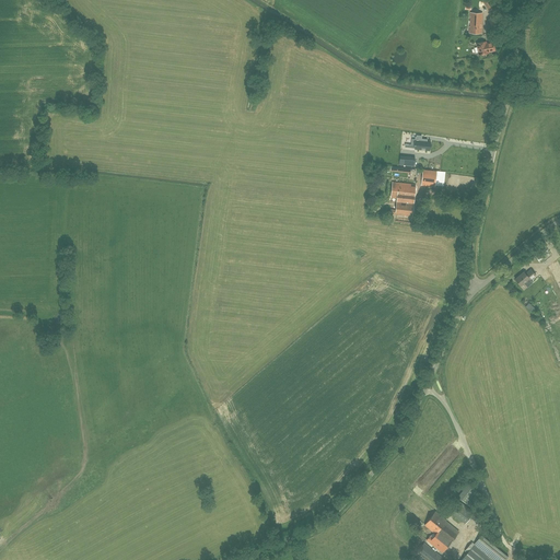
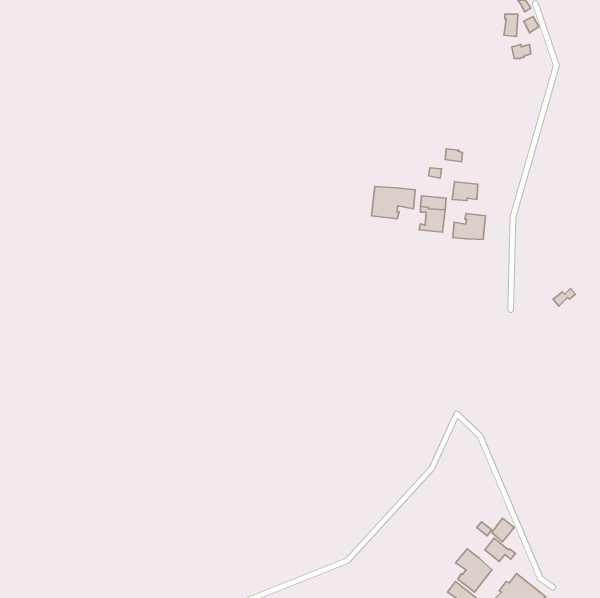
building: none -> [372,187,415,219]
building: none -> [453,214,486,240]

